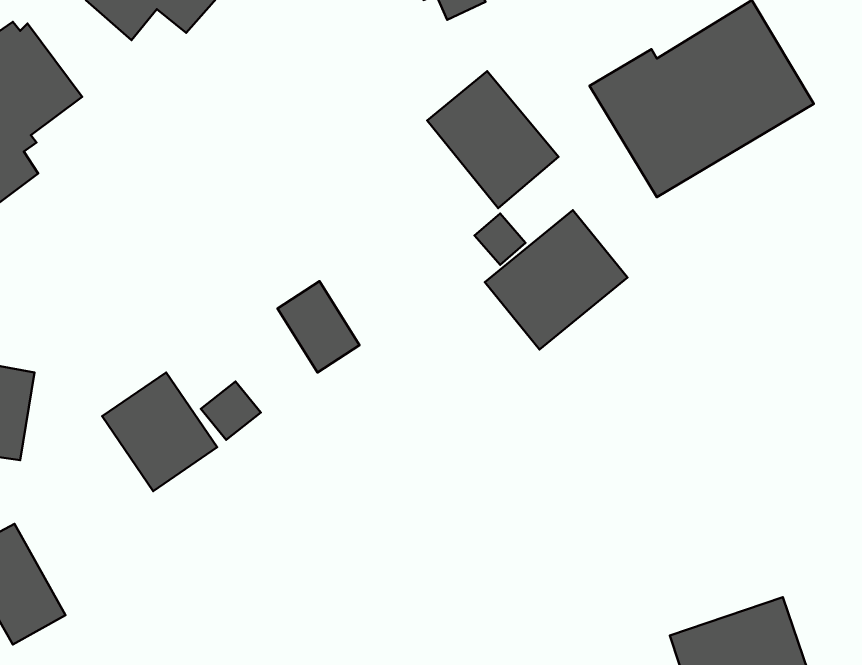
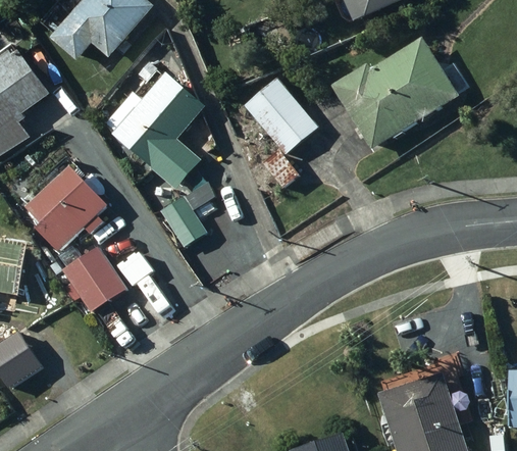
building: none -> [107,61,204,189]
building: [485,210,627,349] -> none
building: none -> [21,157,107,252]

